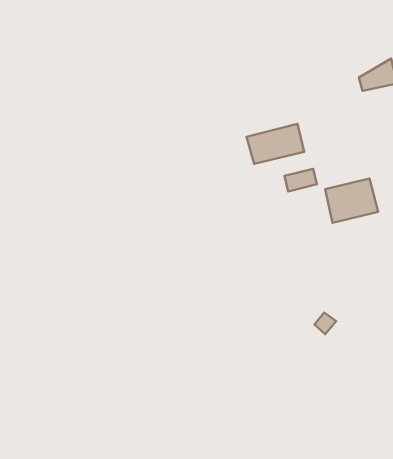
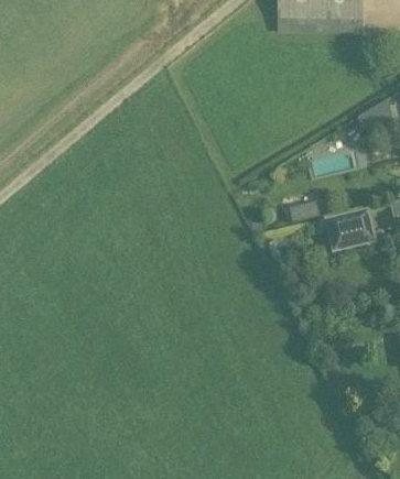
building: [246,124,304,164] -> none

